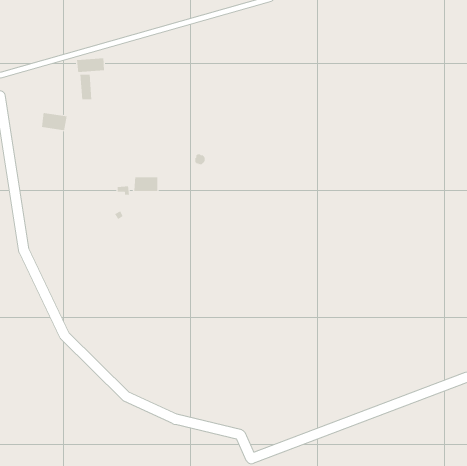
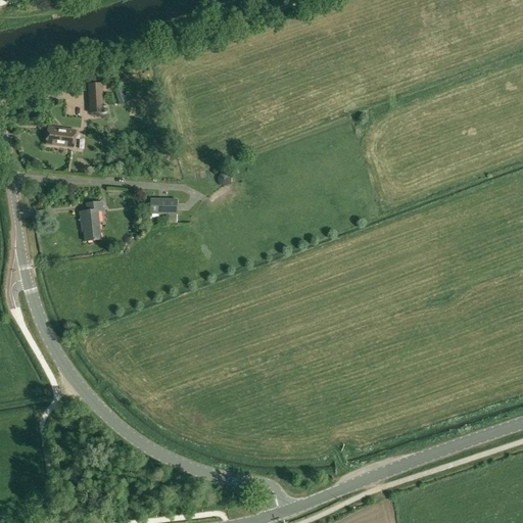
building: [76,58,104,73] -> none
building: none -> [80,200,103,240]

